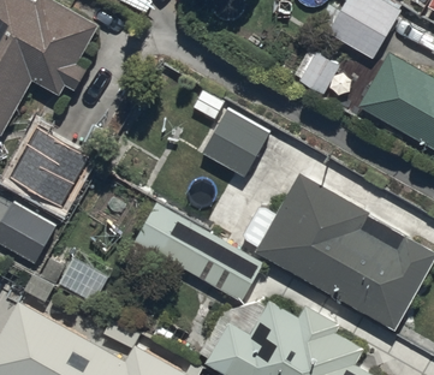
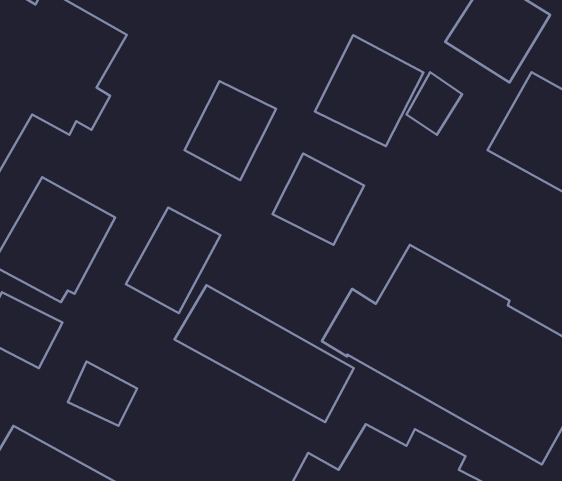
building: none -> [315,35,423,146]
building: none -> [185,81,276,180]
building: none -> [126,208,220,313]

